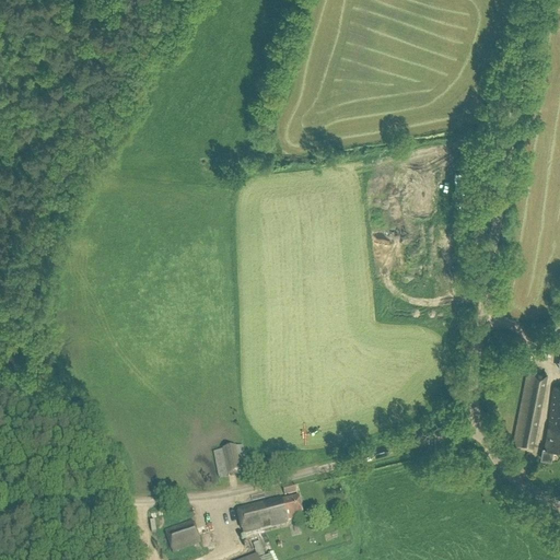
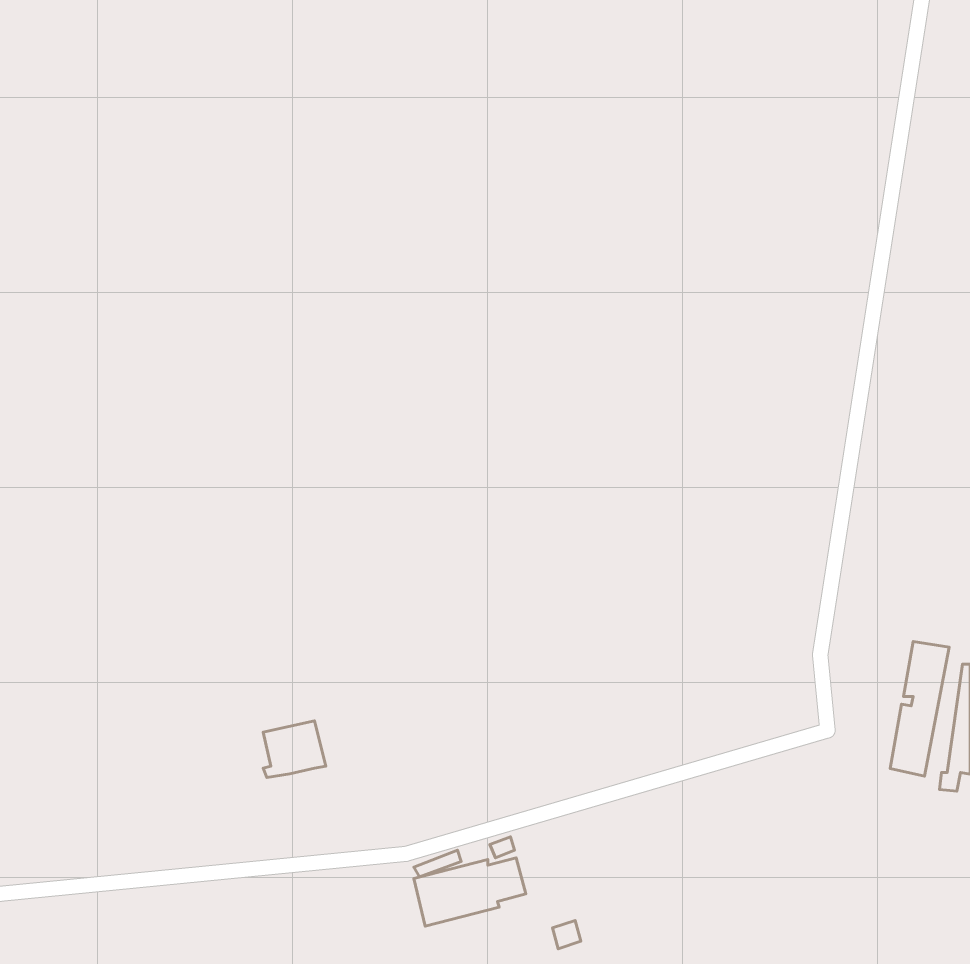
building: [213,444,249,477] -> [263,721,326,778]
building: [165,518,201,551] -> none

